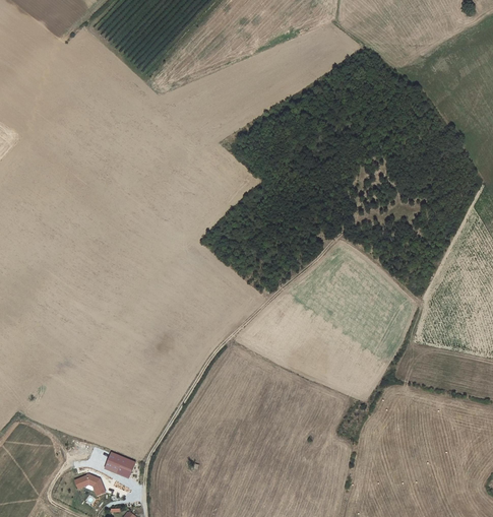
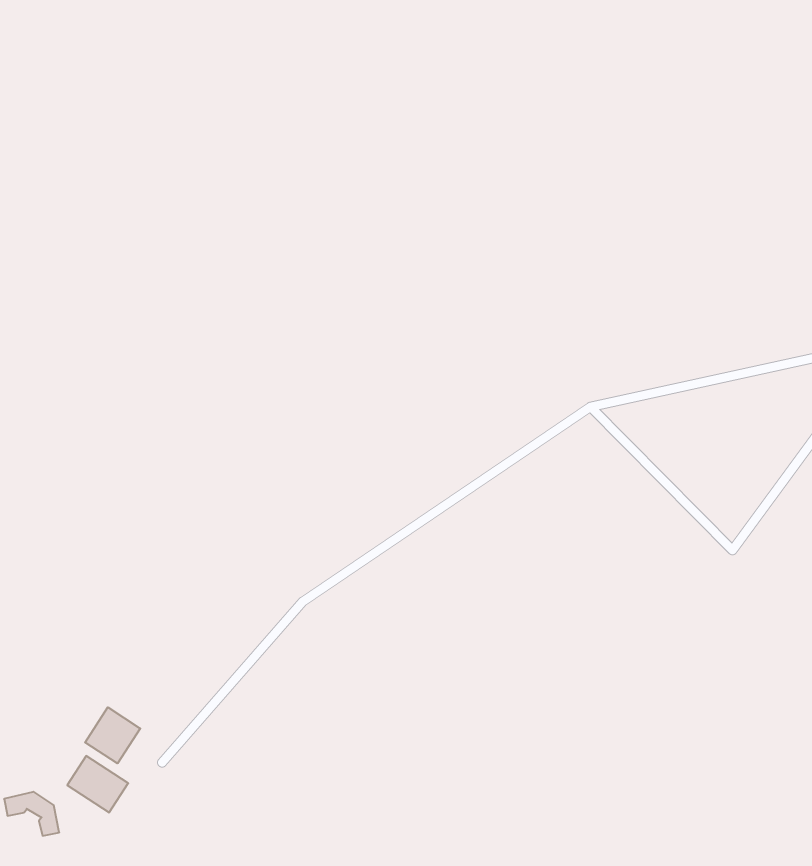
building: none -> [85,707,140,763]

